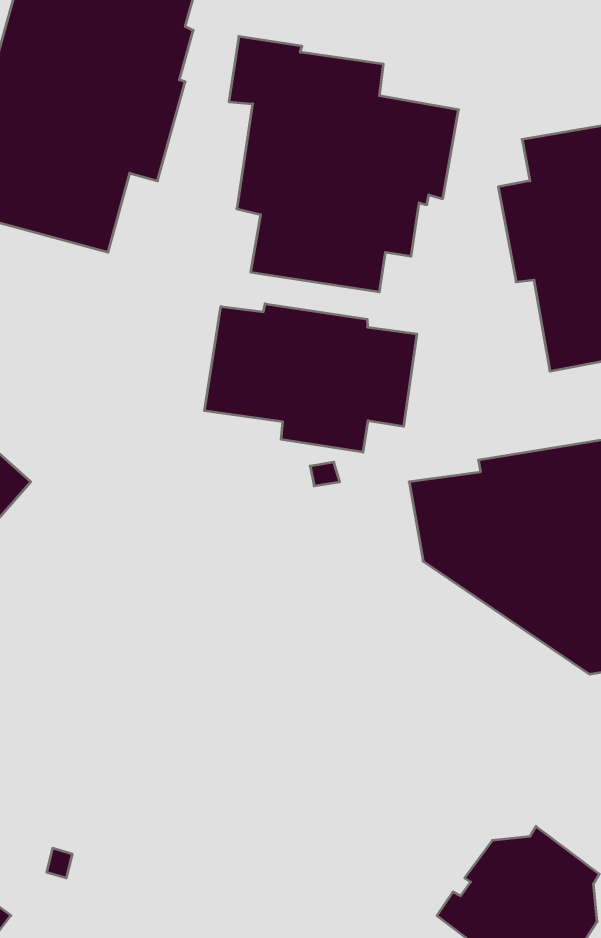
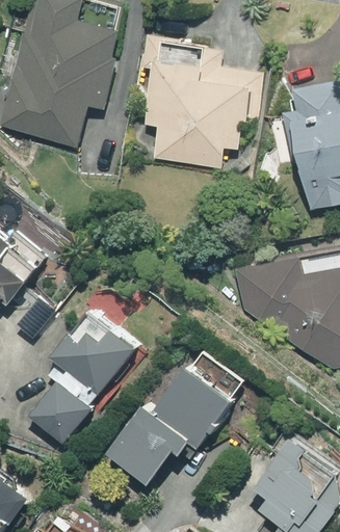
building: [204,304,417,452] -> none
building: none -> [28,310,135,444]
building: none -> [105,363,233,483]

